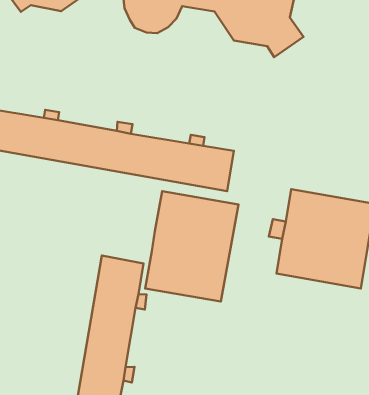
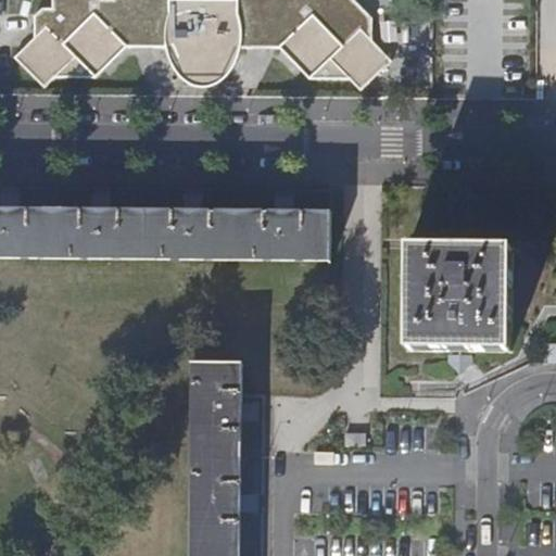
building: [145,191,239,302] -> none

